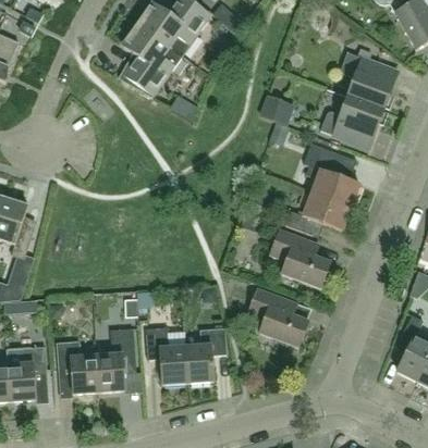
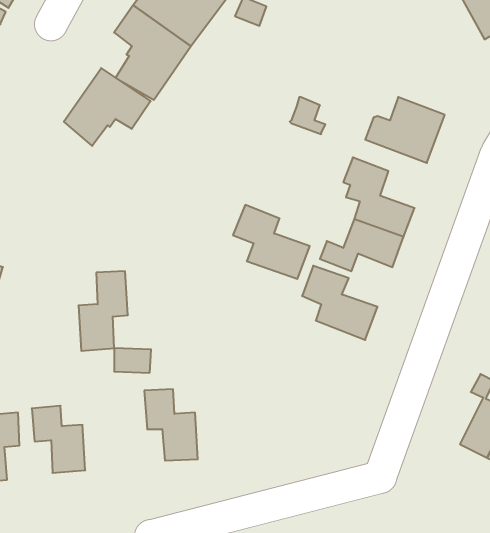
building: [340,50,398,109] -> none
building: none -> [64,68,151,146]
building: [247,287,308,346] -> [233,205,310,279]
building: [185,326,227,382] -> none
building: [96,327,135,390] -> [78,271,128,351]

